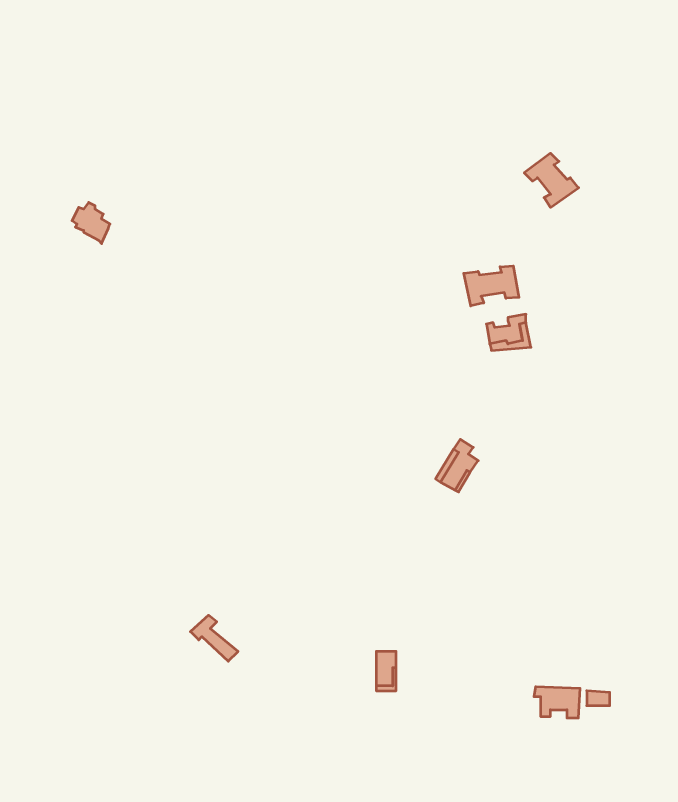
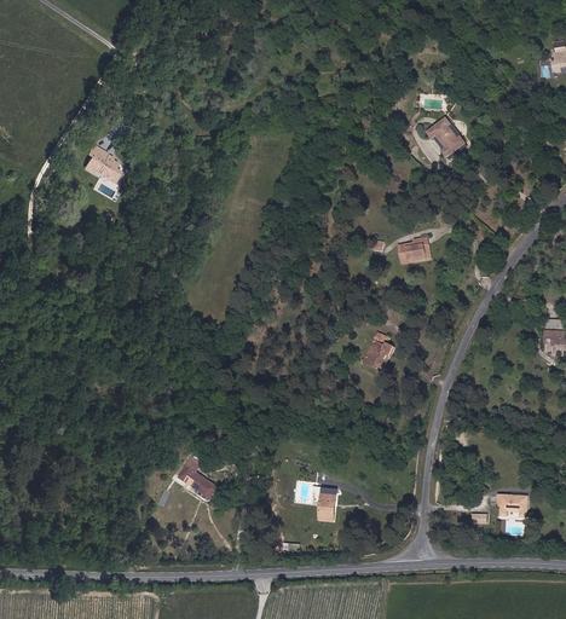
building: [464,266,519,306] -> none
building: [534,687,580,718] -> [493,496,527,519]

